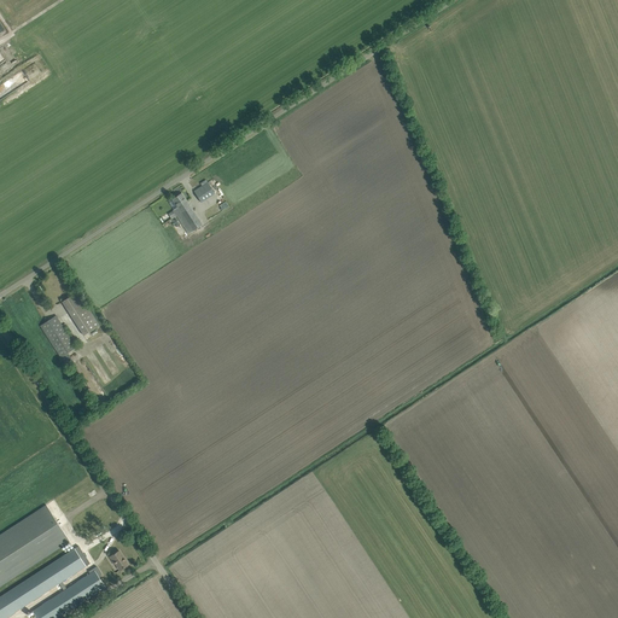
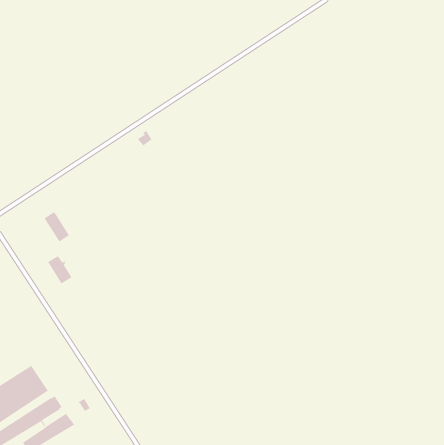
building: [170,194,200,235] -> none
building: [39,317,74,358] -> [47,255,72,285]

